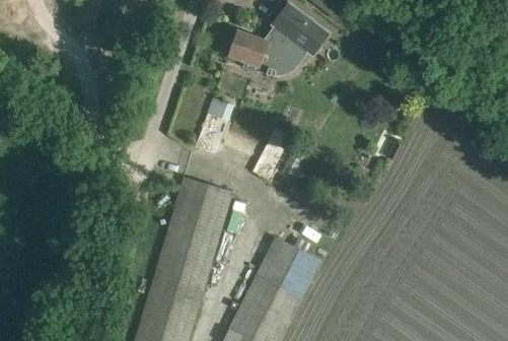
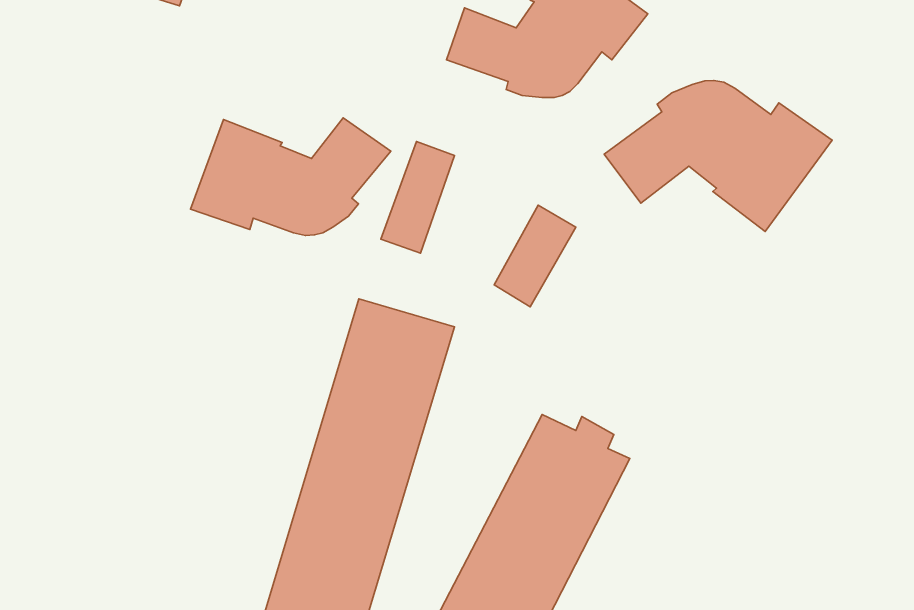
building: none -> [604,81,832,231]
building: none -> [191,118,391,235]

